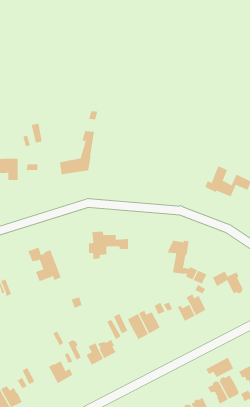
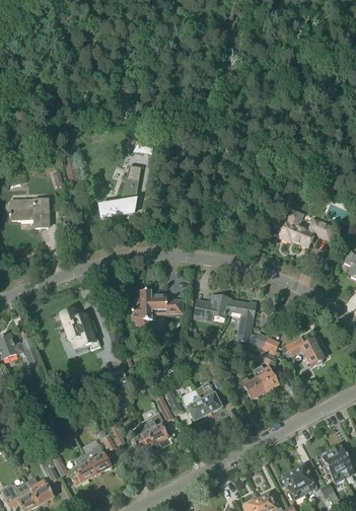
building: none -> [192,294,235,321]
building: [206,357,234,378] -> none
building: none -> [71,454,95,486]

